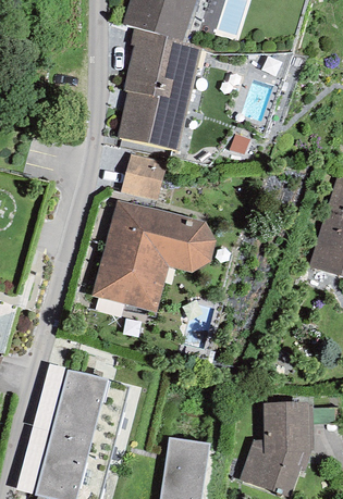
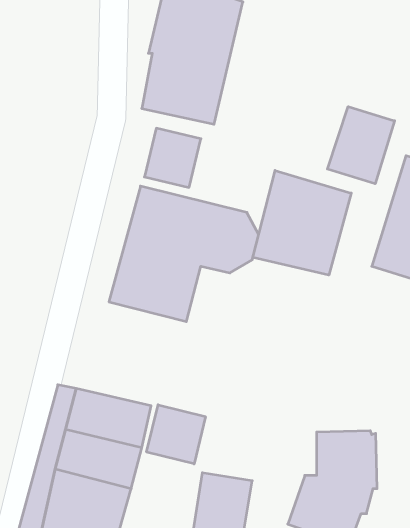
building: none -> [327,107,395,184]
building: none -> [253,170,351,275]
building: none -> [147,405,205,464]

